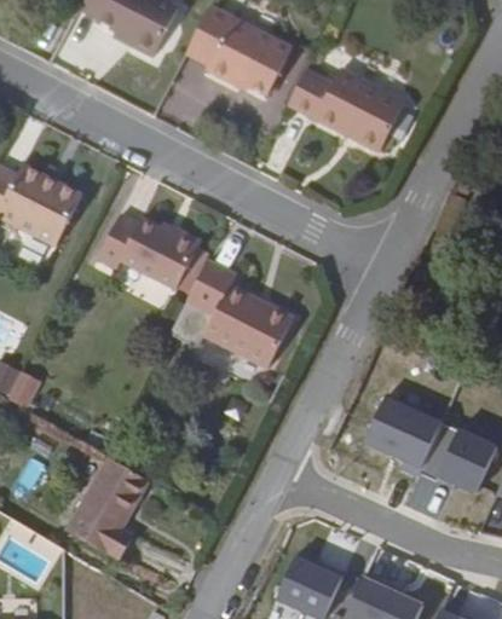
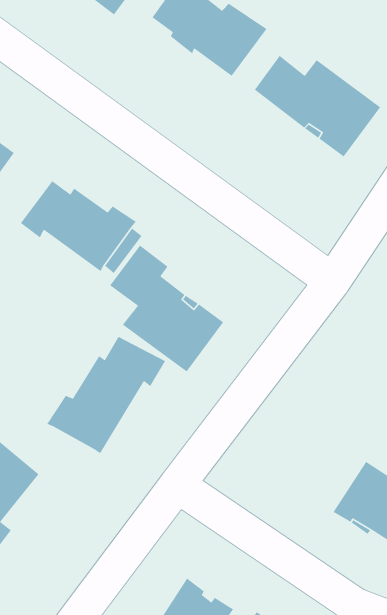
building: none -> [46,336,166,454]
building: [363,395,442,475] -> none

